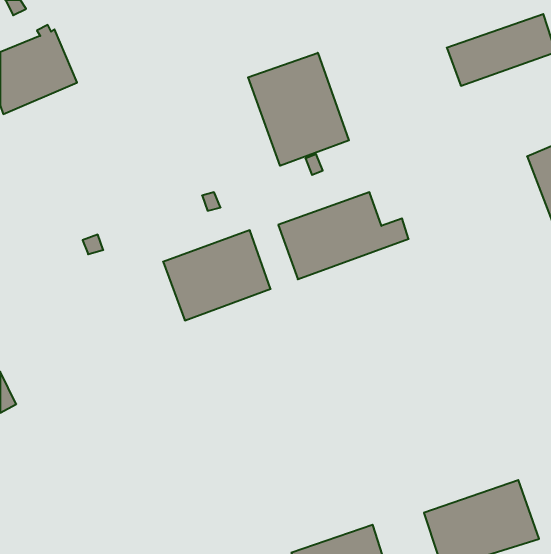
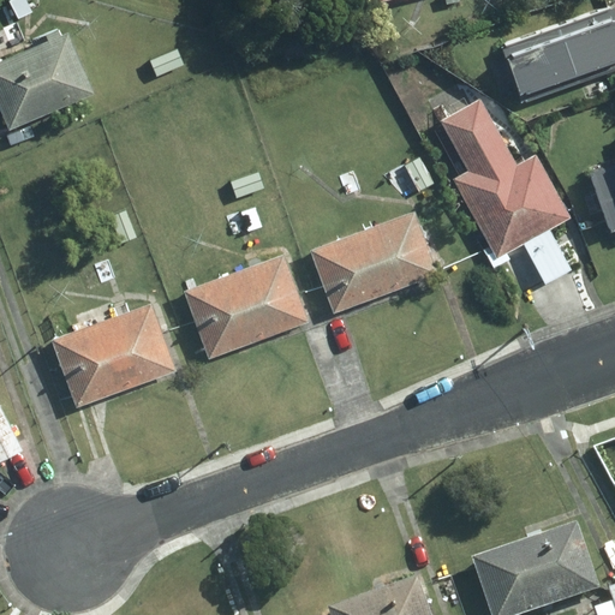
building: [248,53,349,166] -> none
building: none -> [442,102,574,262]
building: none -> [53,306,173,405]

